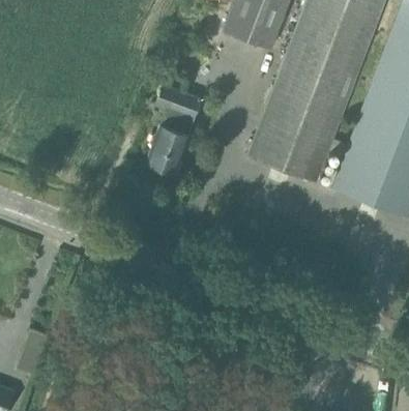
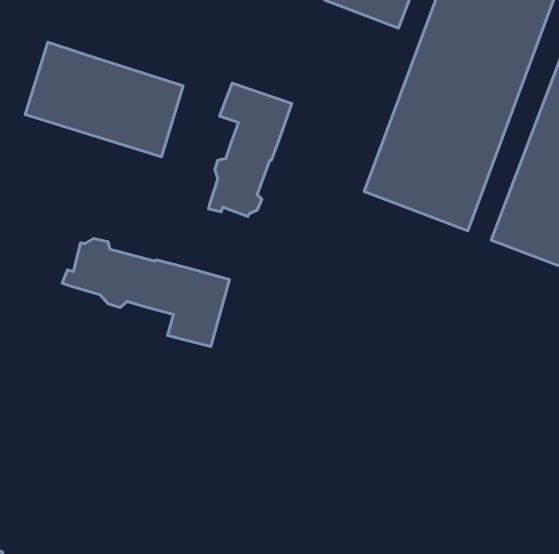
building: none -> [25,42,183,157]
building: none -> [62,239,229,347]

